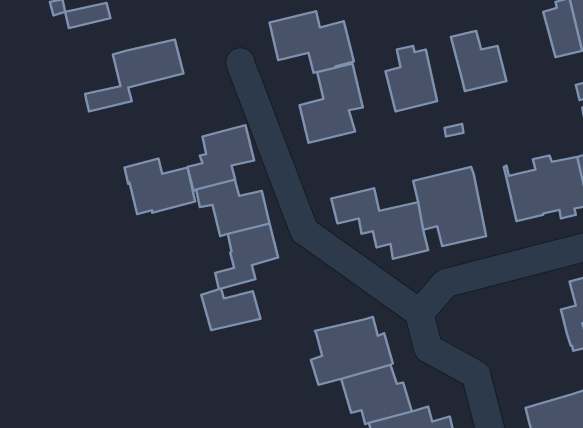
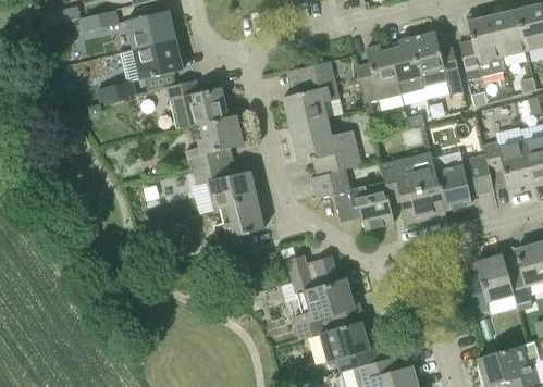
building: none -> [126,12,175,51]
building: none -> [459,14,507,82]
building: [269,11,354,73] -> [291,121,363,174]
building: none -> [392,39,423,95]
building: [124,159,195,214] -> [166,80,227,128]
building: none -> [433,151,471,211]
building: none -> [465,254,514,315]
building: [201,289,260,330] -> [287,257,338,292]

